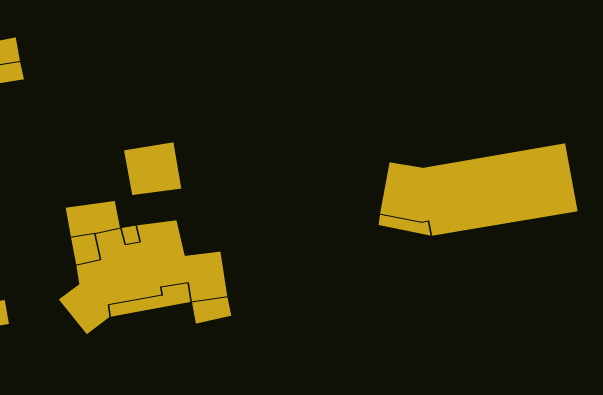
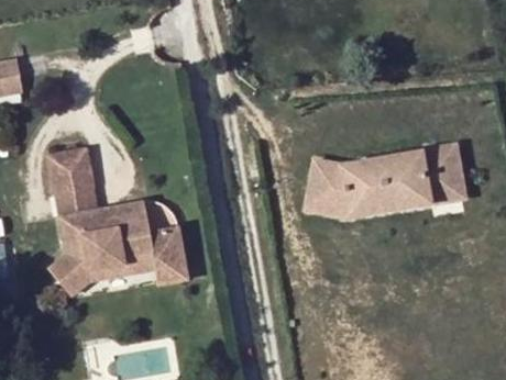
building: [123,142,182,196] -> [48,150,96,193]

